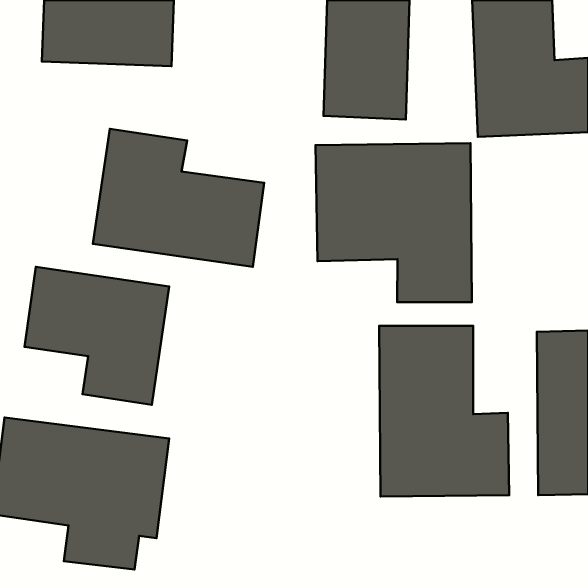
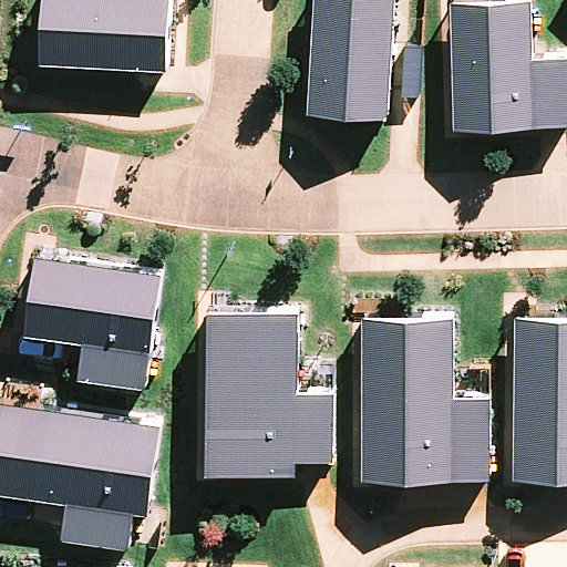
building: [93,129,264,267] -> none
building: [316,143,472,302] -> none
building: none -> [204,316,329,473]

